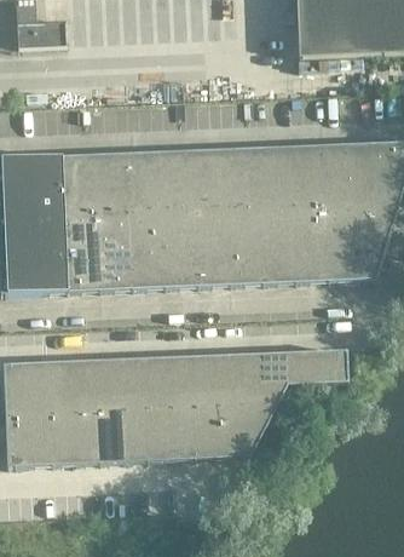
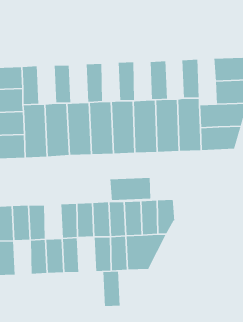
building: [323,143,350,212] -> none
building: [276,145,301,203] -> none
building: [229,148,254,206] -> none
building: [181,149,207,207] -> none
building: [133,151,160,209] -> none
building: [86,153,112,211] -> none
building: [287,349,348,384] -> [109,177,151,201]
building: [97,358,122,410] -> none
building: [145,407,172,460] -> [103,271,121,307]
building: [51,412,76,464] -> none

